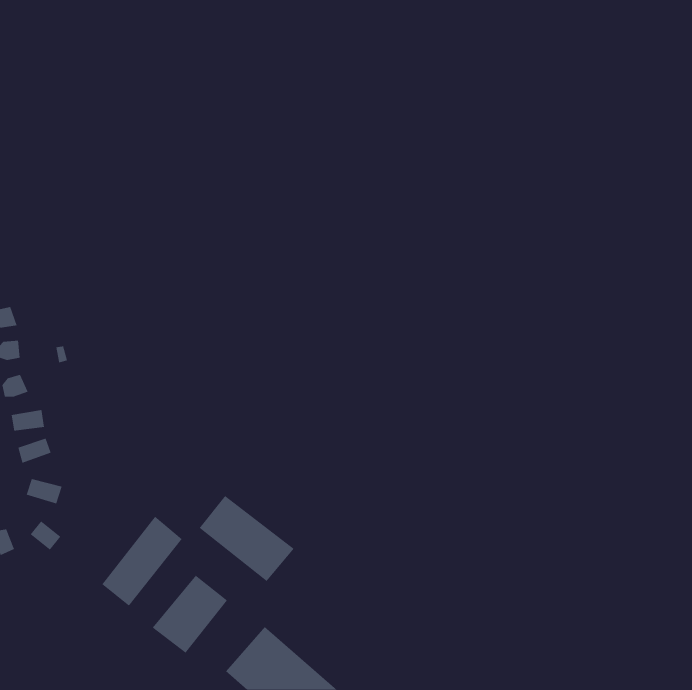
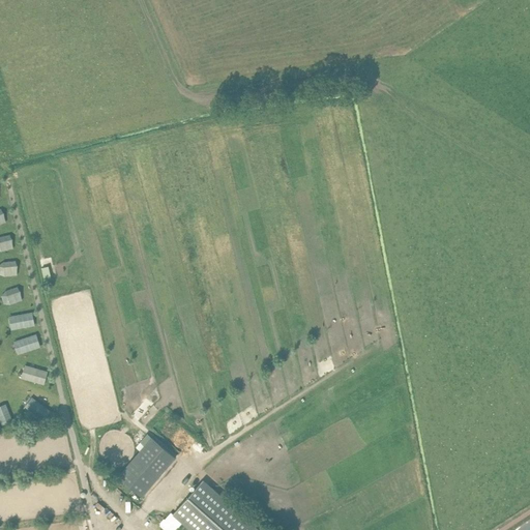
building: [199,495,294,582] -> none
building: [102,516,183,606] -> none

